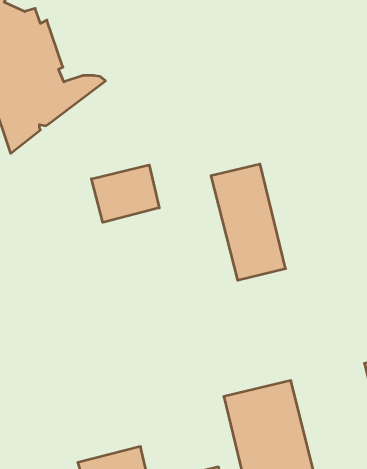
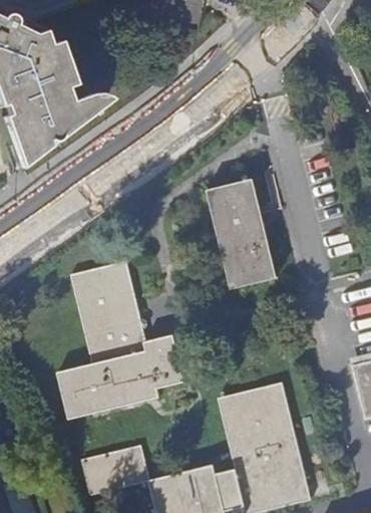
building: [91,165,159,222] -> none
building: none -> [58,261,184,419]

